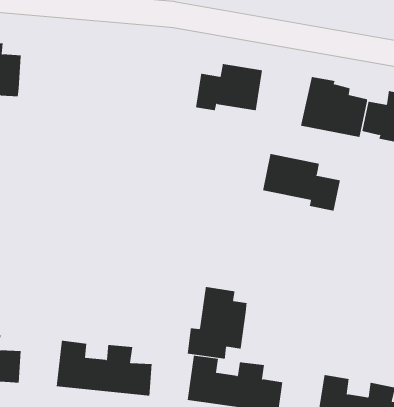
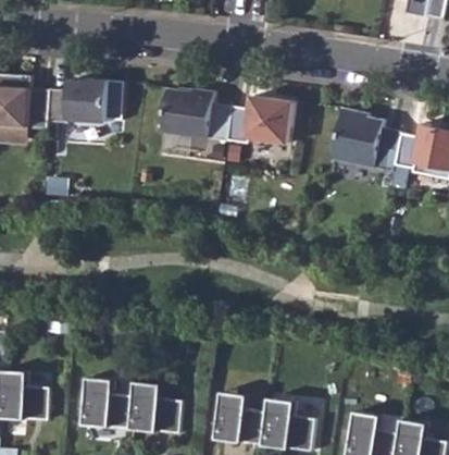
building: none -> [46,78,108,123]
building: none -> [161,88,229,140]
building: [262,153,340,212] -> none
building: [187,286,247,359] -> none

